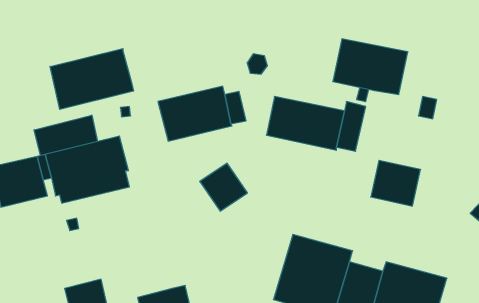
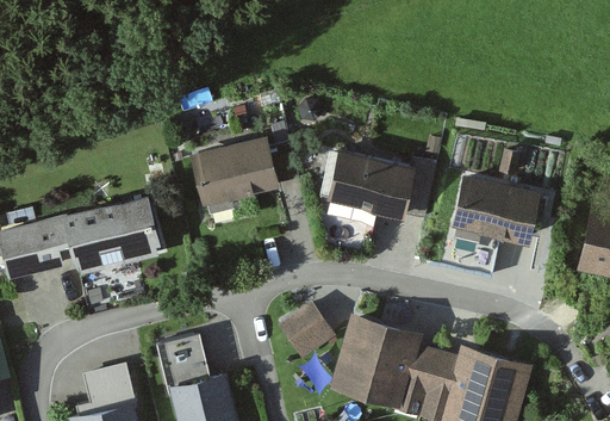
building: [333,39,408,95] -> [453,174,541,240]
building: [50,49,134,109] -> none
building: [34,115,98,155] -> none
building: [200,163,247,211] -> [279,302,335,358]
building: none -> [160,334,210,385]

